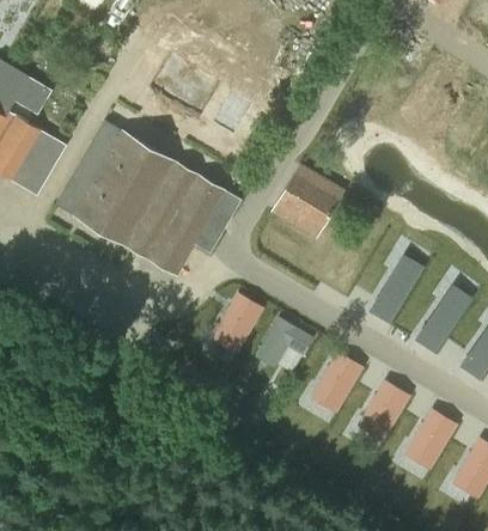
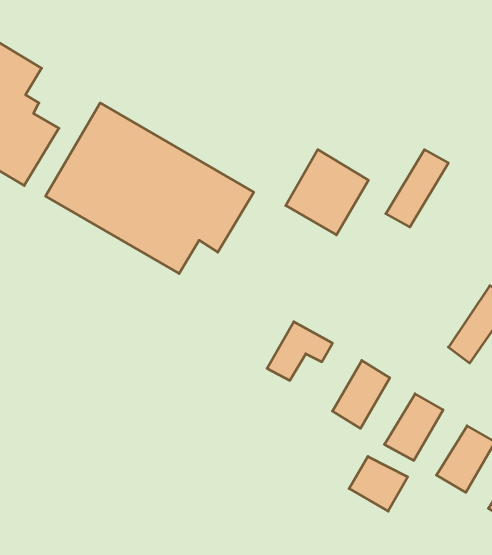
building: [368,254,425,323] -> [386,150,448,227]
building: [211,291,263,352] -> none
building: none -> [349,456,408,511]

